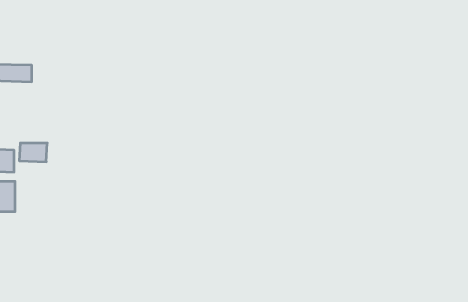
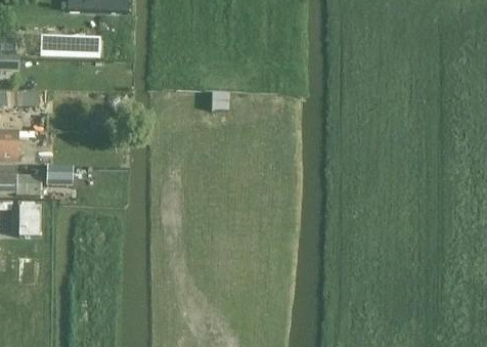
building: none -> [56,36,97,55]

